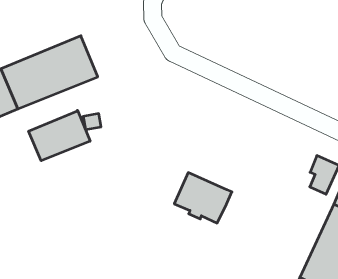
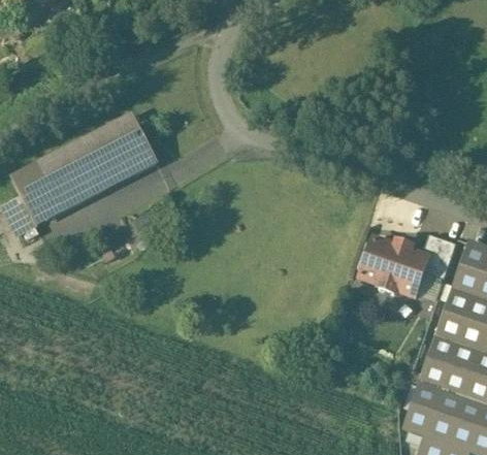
building: [29,110,90,161] -> none
building: [174,173,232,223] -> [360,237,428,295]

